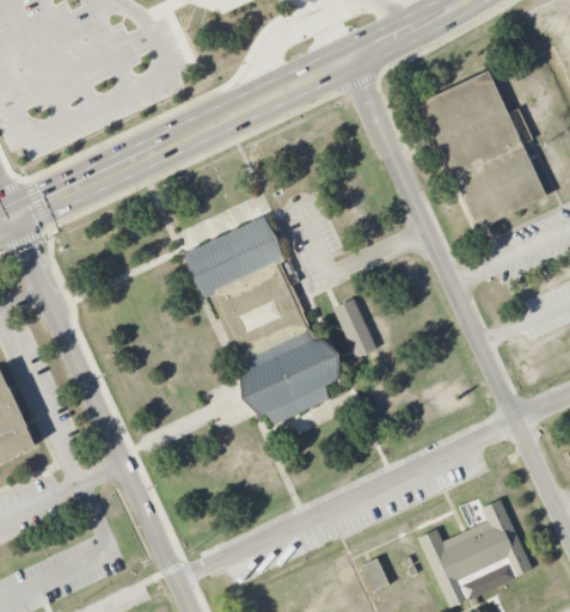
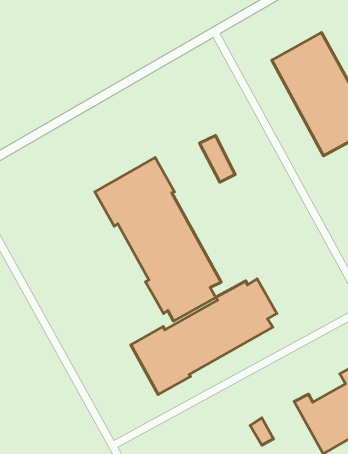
building: [333,299,376,359] -> [199,136,235,182]
building: none -> [131,279,277,395]

